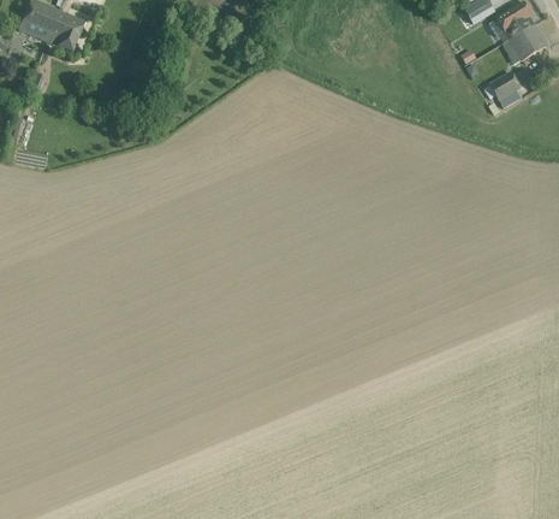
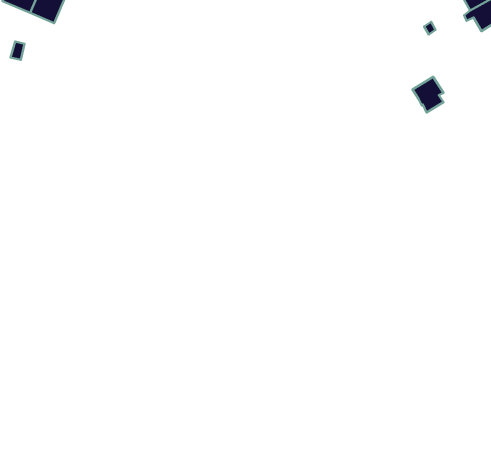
building: [487,72,519,110] -> [413,77,444,112]

